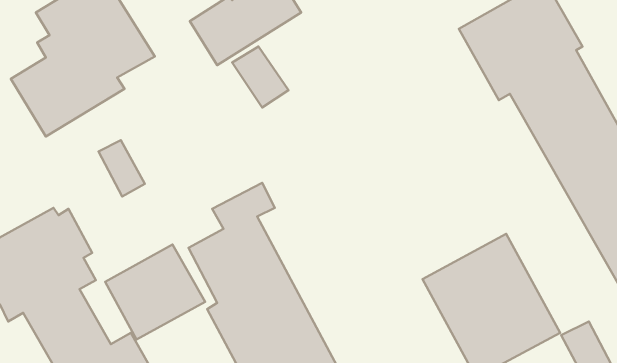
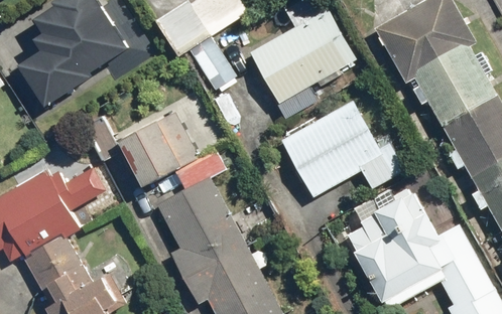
building: none -> [249,8,357,105]
building: none -> [280,101,405,197]
building: [105,244,205,339] -> [118,111,199,187]

